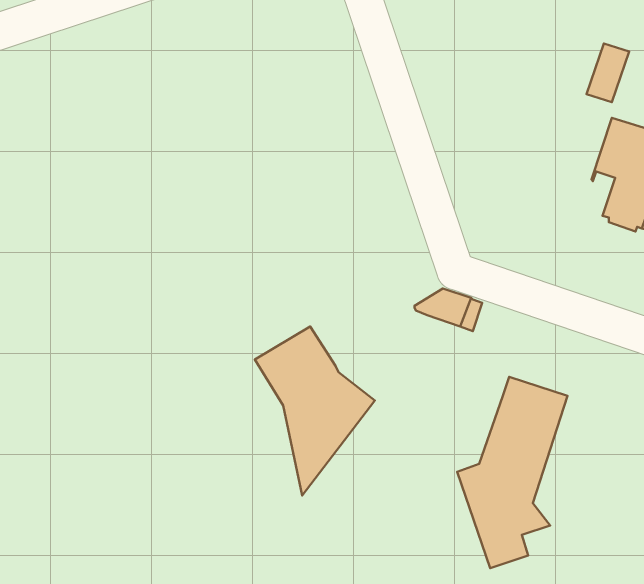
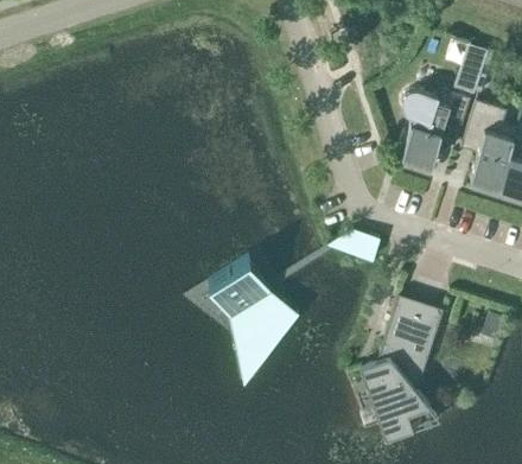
building: none -> [401,91,470,166]

